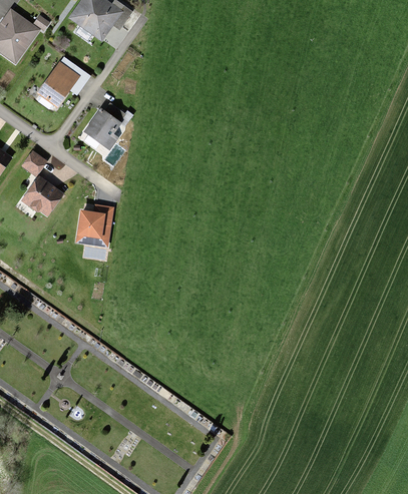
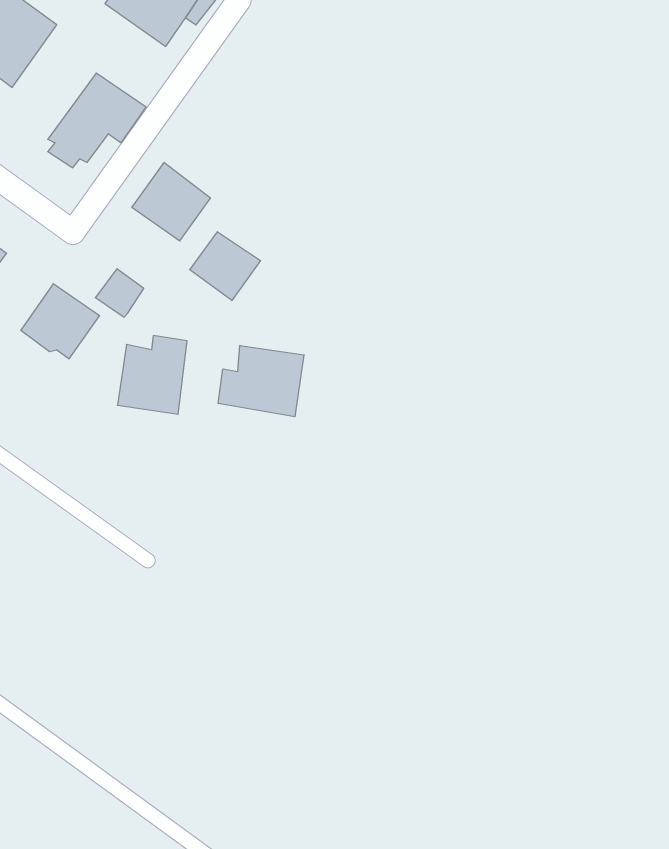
building: none -> [190,232,261,301]
building: [20,149,47,176] -> [95,269,144,317]
building: none -> [218,345,304,417]

